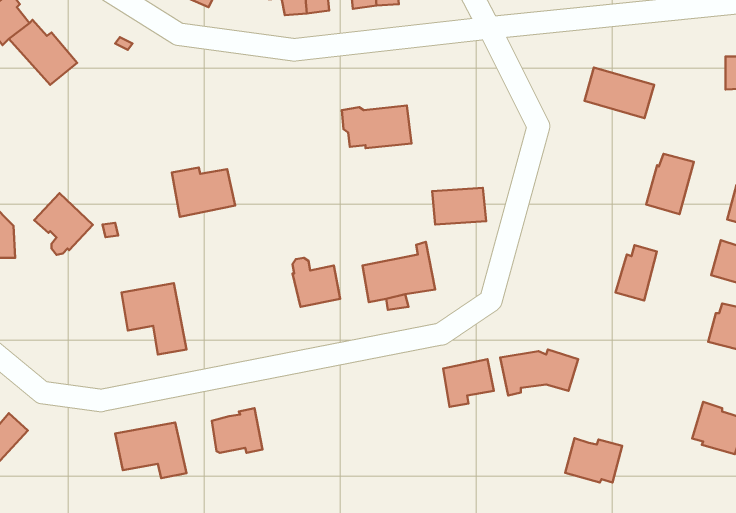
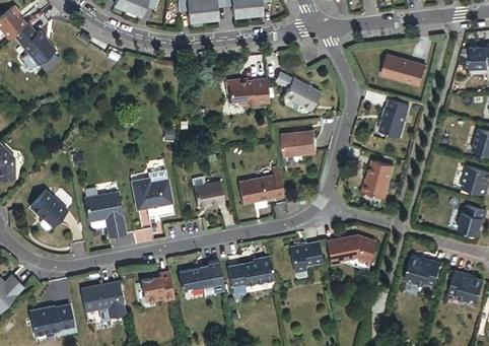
building: none -> [276,73,321,111]
building: [646,154,694,214] -> [379,100,410,139]
building: [172,168,235,217] -> [132,179,172,210]
building: [34,193,93,255] -> [30,191,68,230]
building: [616,245,657,301] -> [367,163,394,199]
building: none -> [227,257,274,288]
building: none -> [178,262,225,297]
building: [565,438,622,482] -> [405,256,441,284]
building: none -> [30,305,75,336]

